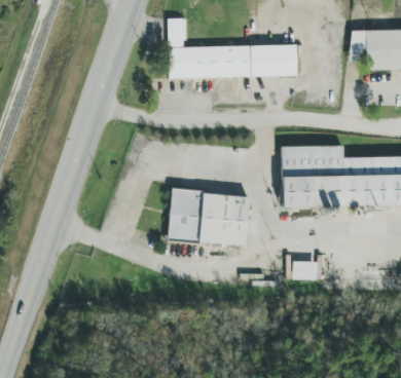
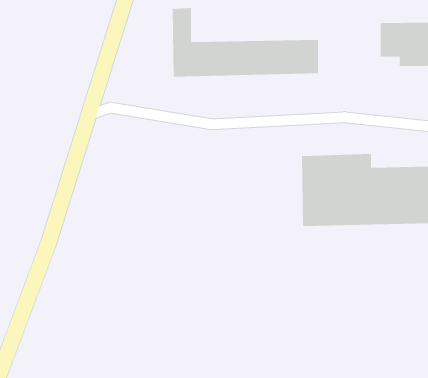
building: [169,190,249,245] -> none
building: [294,261,318,279] -> none

